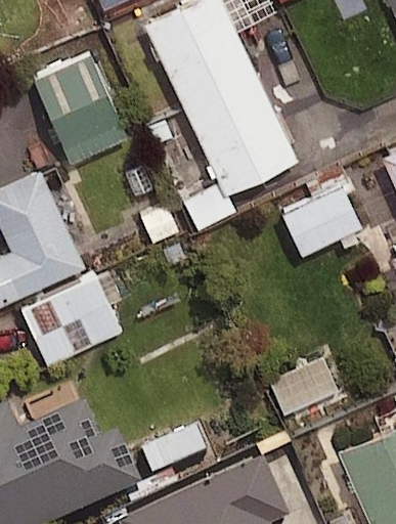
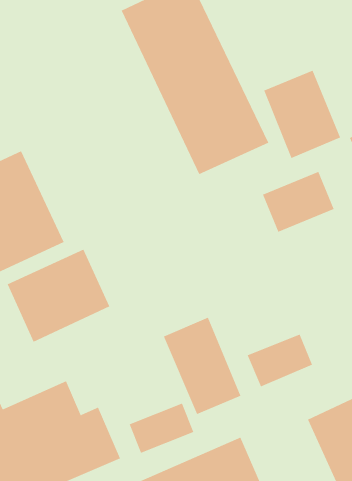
building: [38,51,131,162] -> none
building: none -> [264,70,341,159]
building: none -> [163,317,241,415]

